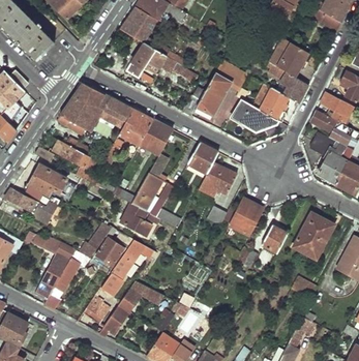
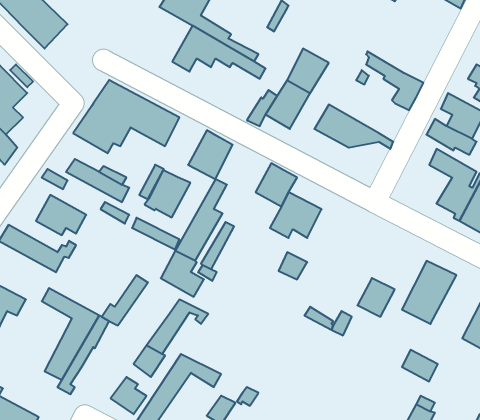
building: [269,37,309,78] -> none
building: [261,89,289,121] -> none
building: [120,110,153,144] -> [145,170,190,217]
building: [229,199,264,237] -> none
building: [96,238,133,266] -> none

